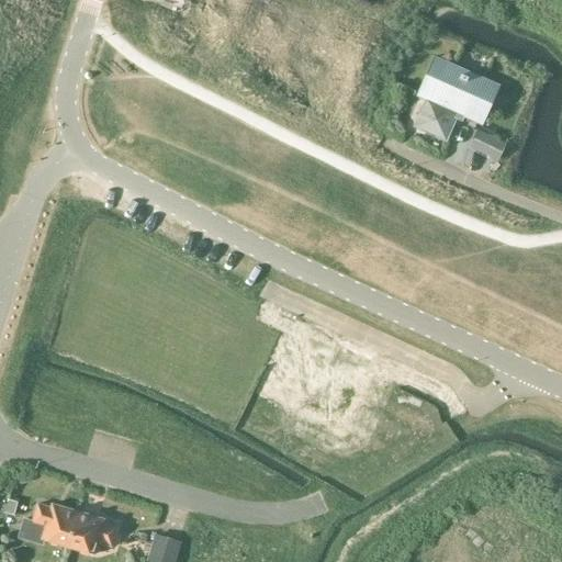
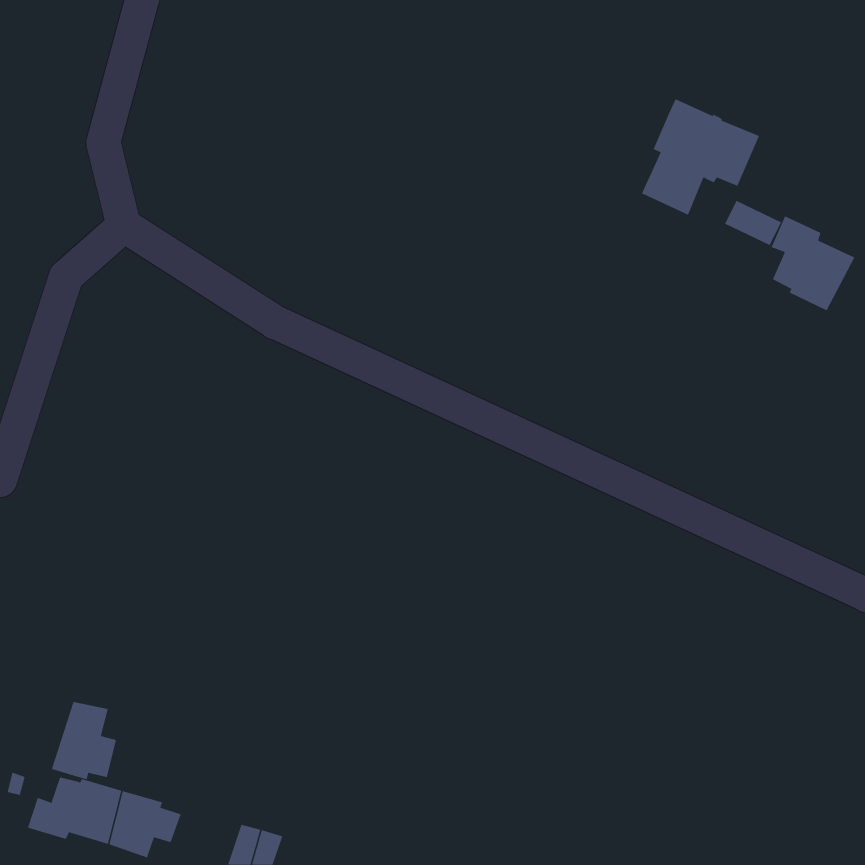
building: none -> [771,215,855,311]
building: none -> [51,701,117,780]

